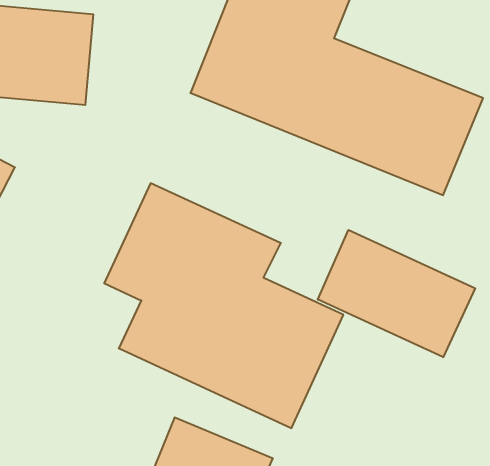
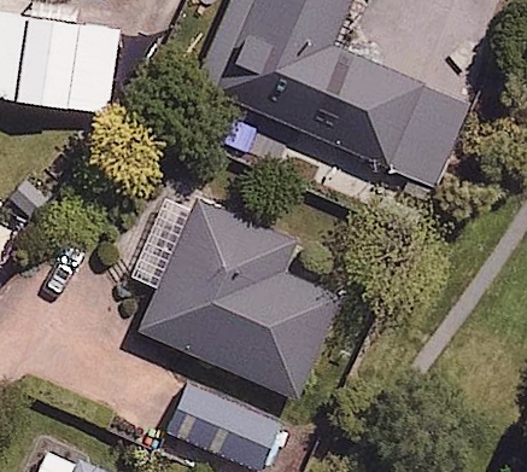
building: [318,230,475,357] -> none

